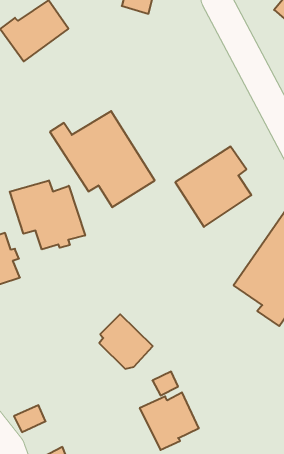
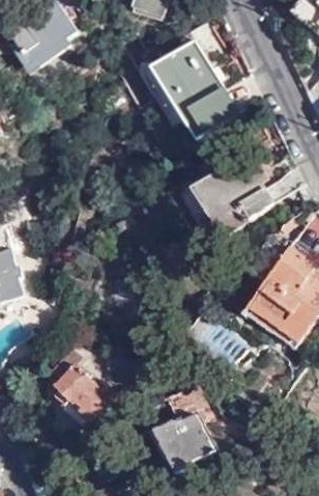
building: [50,111,155,207] -> [128,42,238,142]
building: [10,180,85,249] -> none
building: [99,314,153,369] -> [53,366,109,423]

